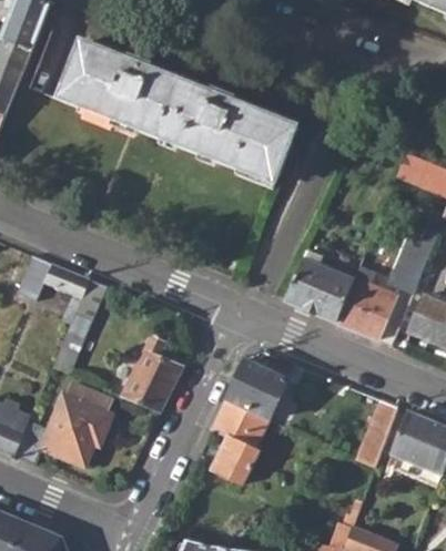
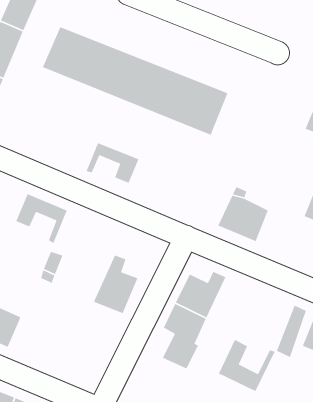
building: none -> [85,142,139,184]
building: [332,267,391,338] -> none
building: [13,381,113,467] -> none
building: none -> [218,339,276,392]

